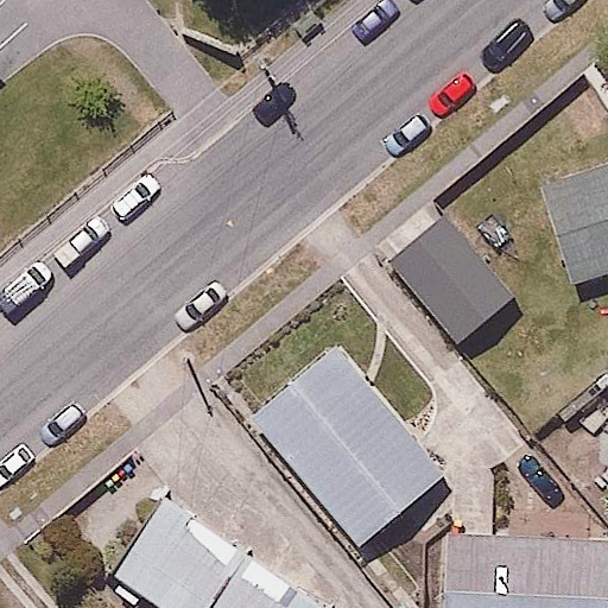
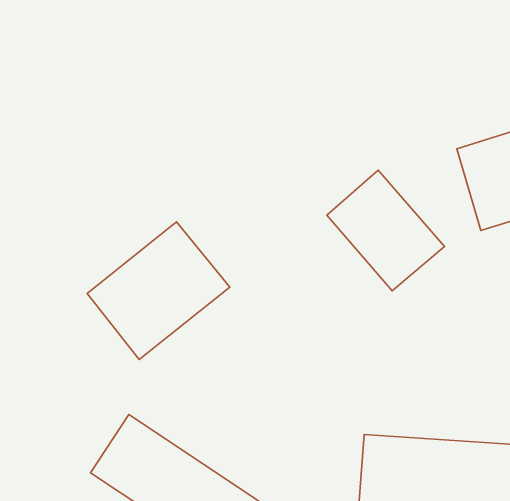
building: none -> [87,222,230,360]
building: [246,337,452,553] -> none

